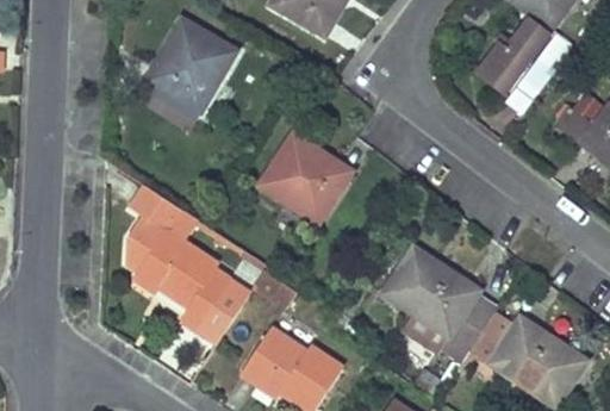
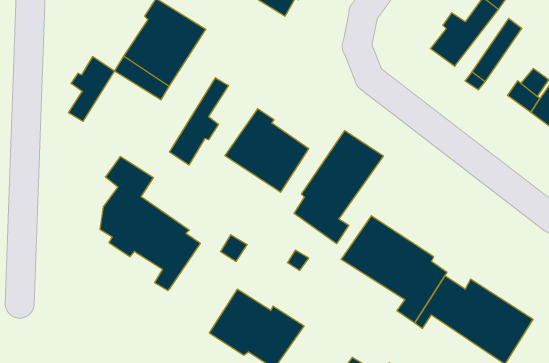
building: none -> [68,57,114,121]
building: none -> [170,78,229,165]
building: none -> [294,131,383,244]
building: [199,279,250,340] -> none

